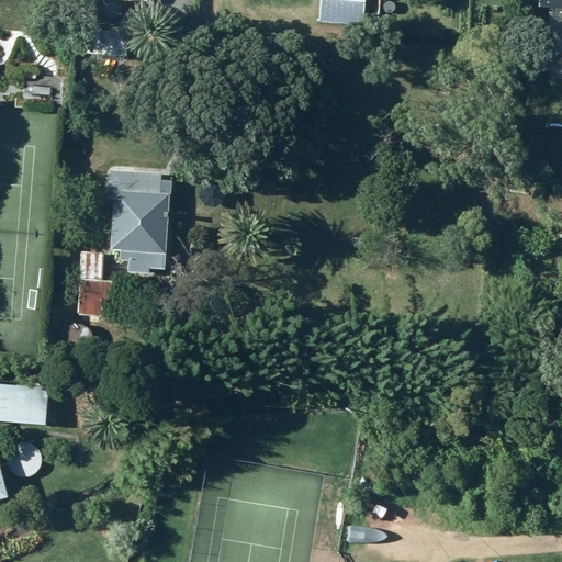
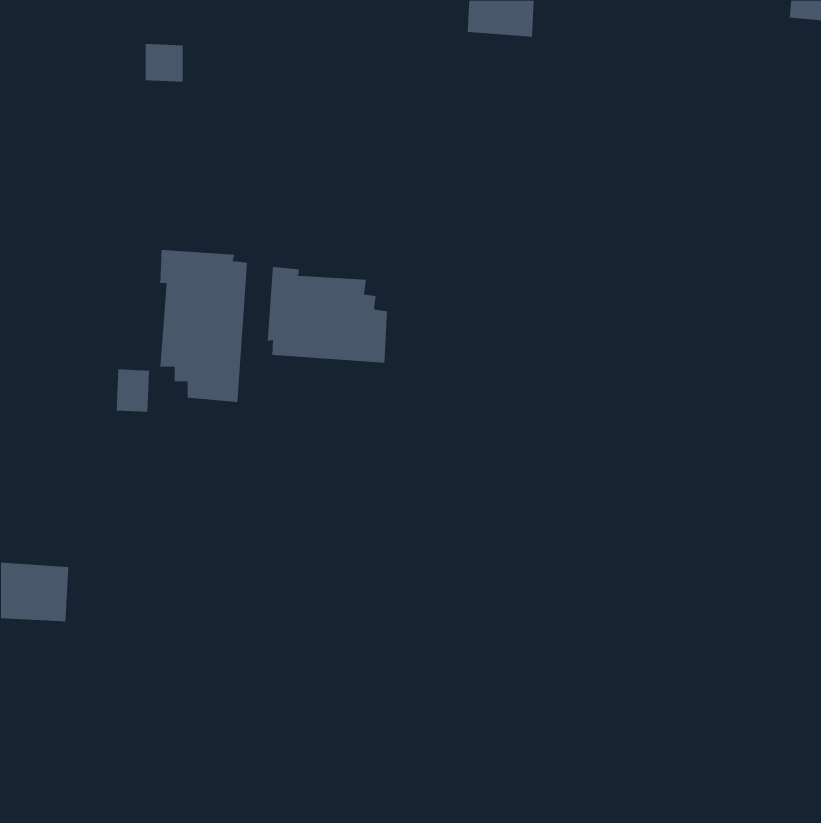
building: none -> [267,266,387,363]

